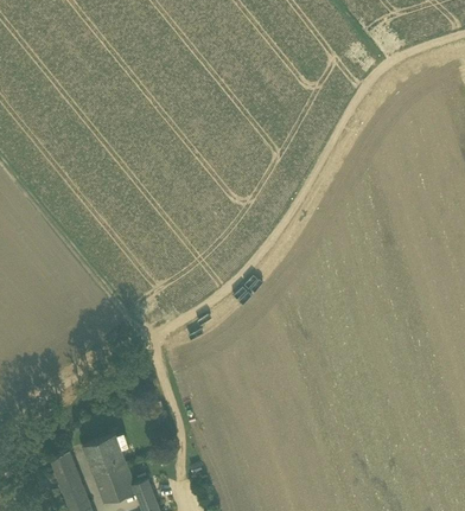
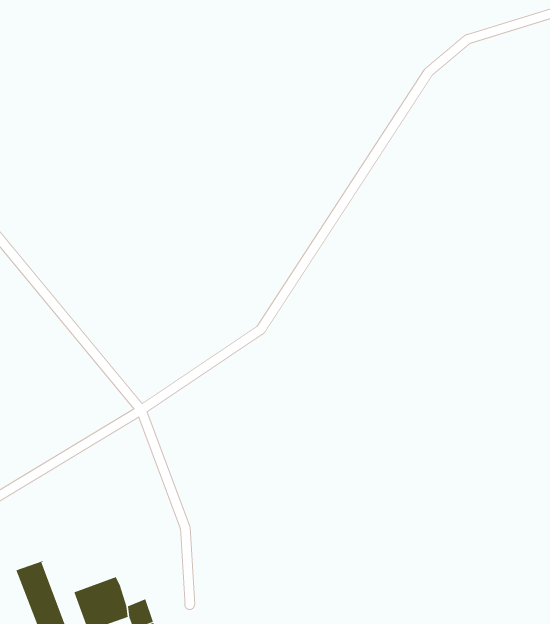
building: [83,437,126,477] -> none

